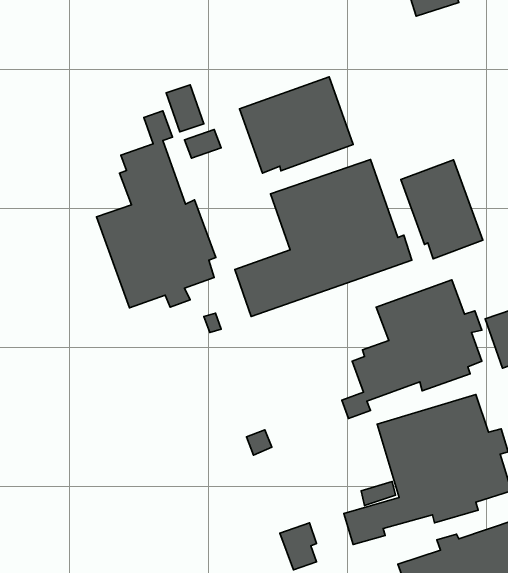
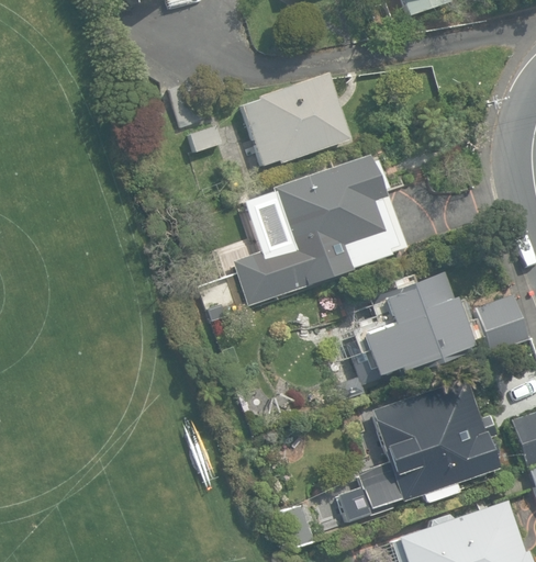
building: [96,111,216,308] -> none
building: [401,160,483,259] -> none

